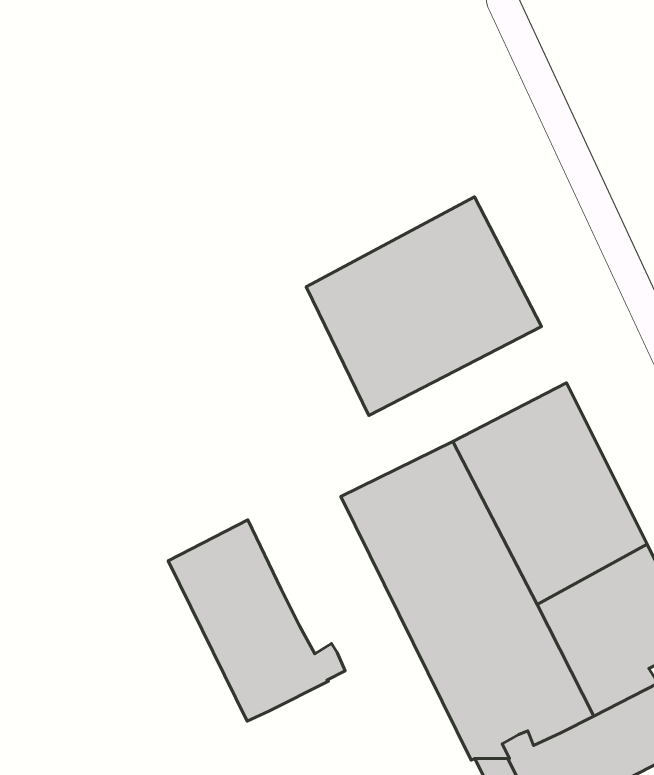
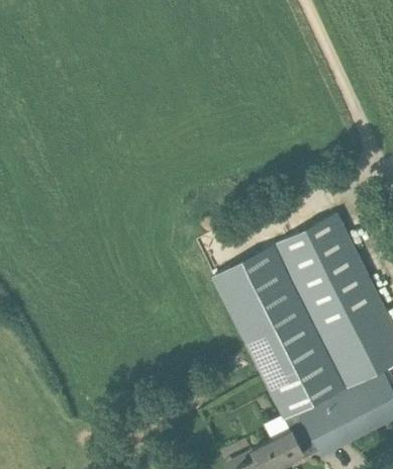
building: [306,197,542,415] -> none
building: [168,520,345,721] -> none

